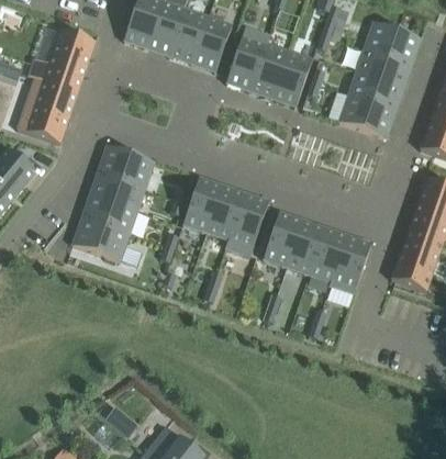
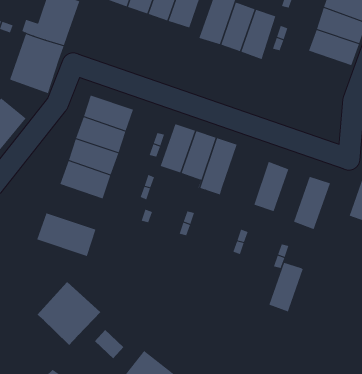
building: [338,97,394,137] -> none
building: [263,211,302,267] -> none
building: [309,227,347,286] -> [269,262,303,315]
building: none -> [36,212,96,257]
building: none -> [36,281,101,346]

